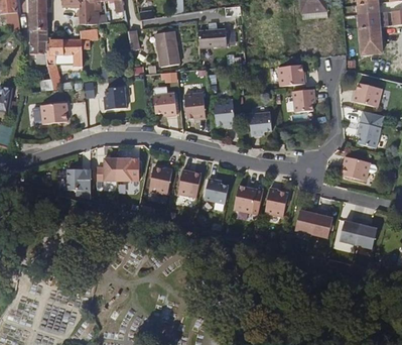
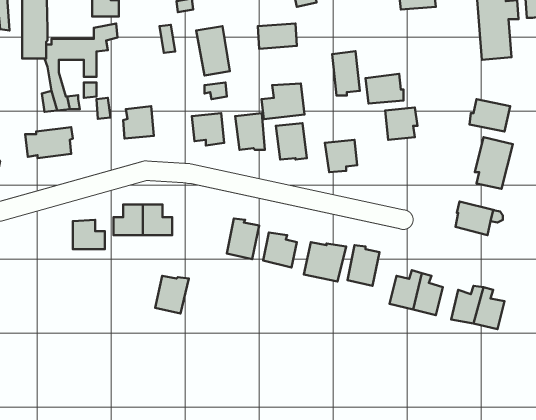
building: none -> [332,51,360,96]
building: none -> [261,83,305,119]
building: [148,167,172,195] -> [155,276,189,314]

